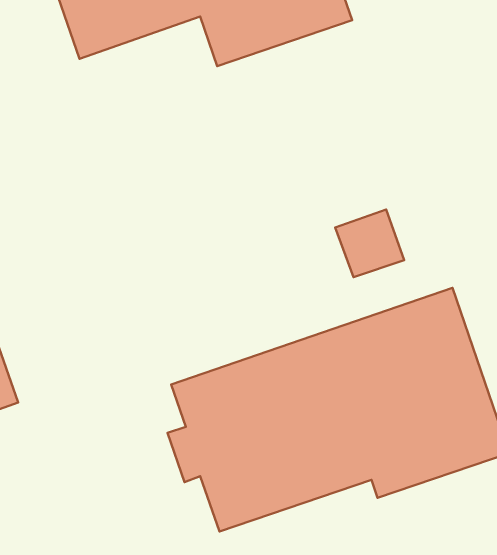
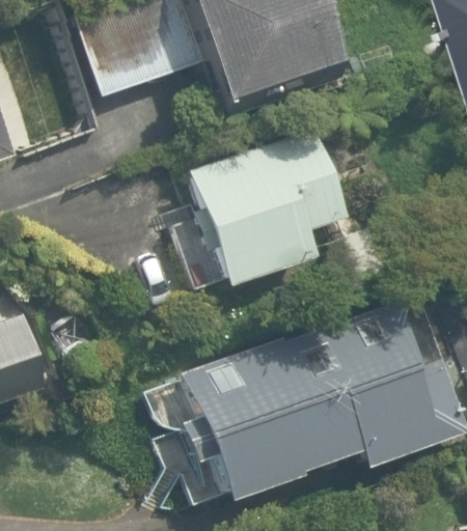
building: none -> [180,130,339,288]

